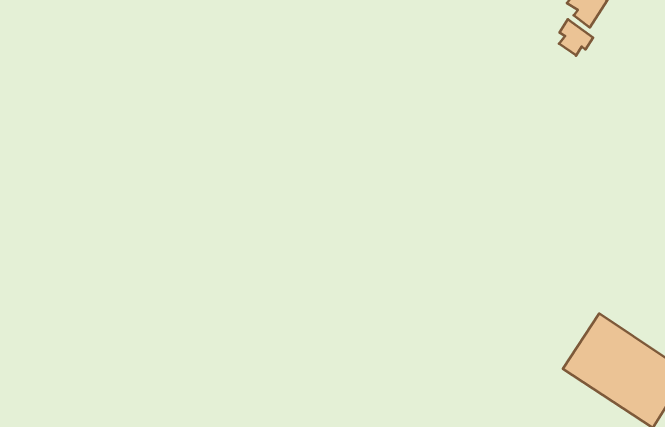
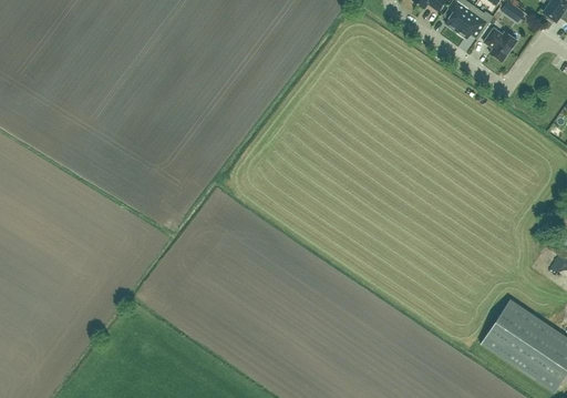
building: [559,19,593,56] -> none

